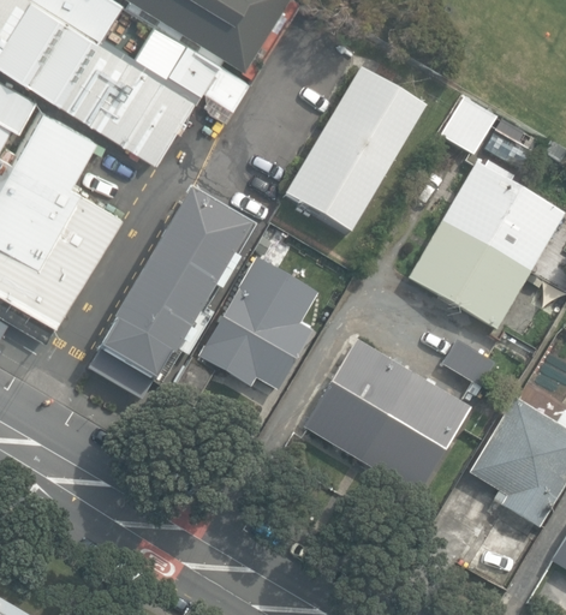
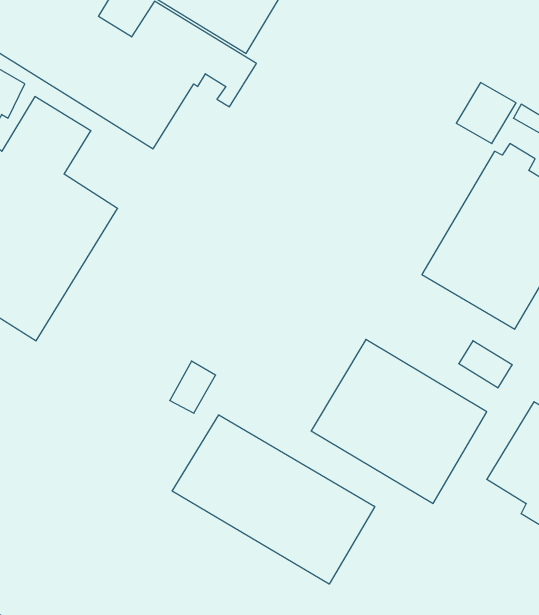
building: [282,70,424,237] -> none
building: [85,187,256,404] -> none
building: [196,232,311,393] -> none
building: none -> [172,415,375,584]

